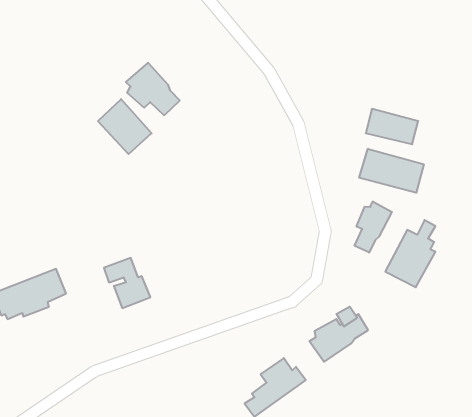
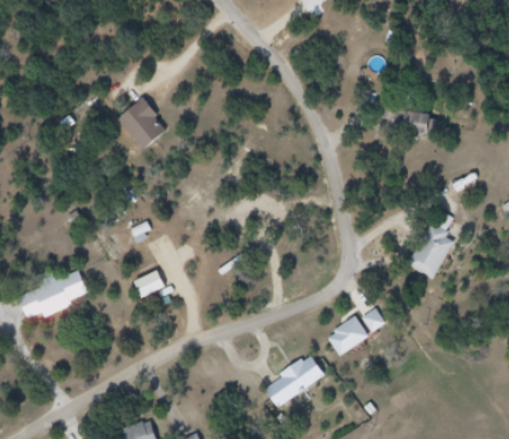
building: [126,63,180,115] -> none
building: [359,149,424,193] -> none
building: [355,201,392,253] -> none

